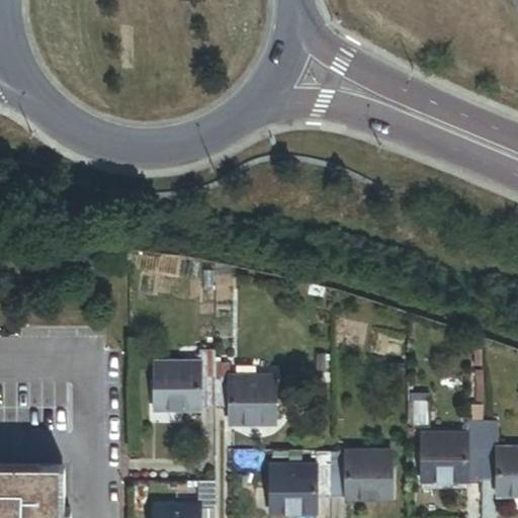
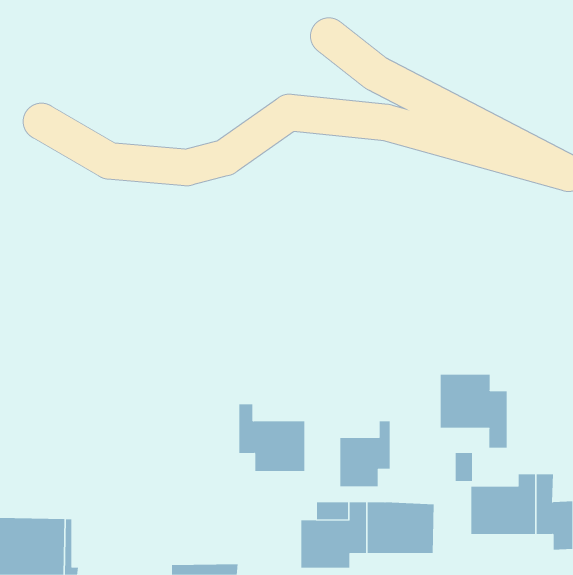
building: none -> [440,374,507,449]
building: [155,350,214,408] -> none
building: none -> [340,421,390,487]

